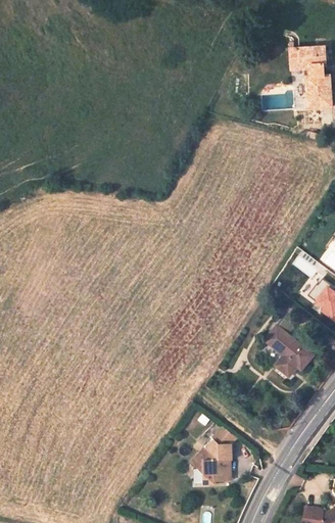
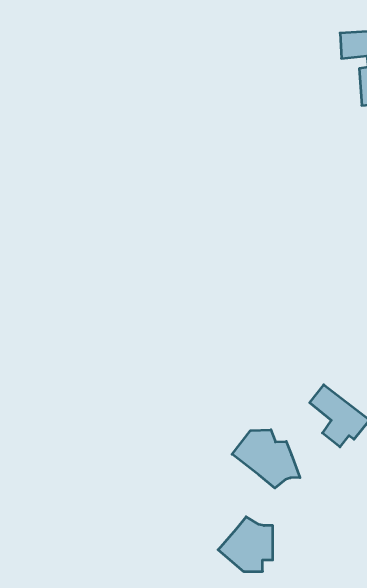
building: none -> [232,430,300,488]

